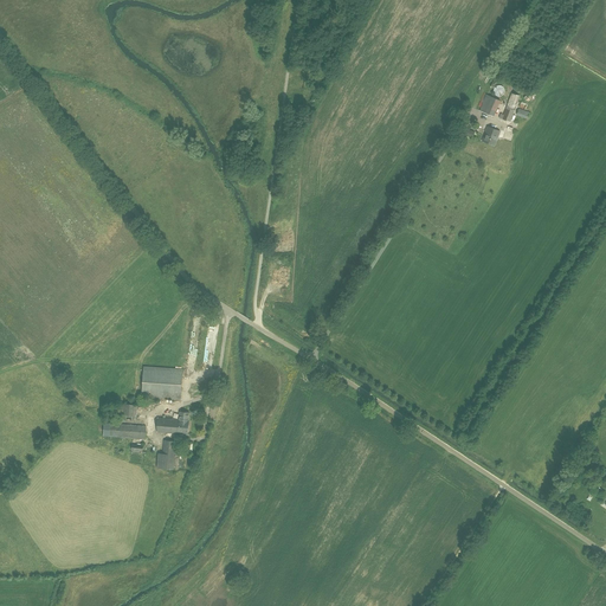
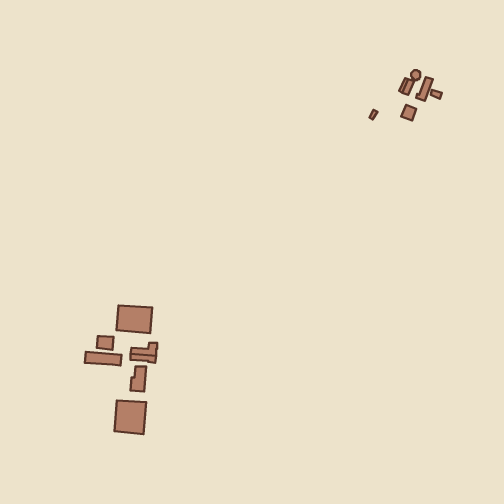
building: none -> [115,400,146,434]

